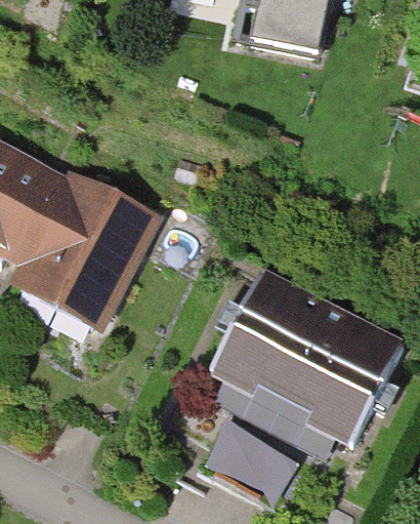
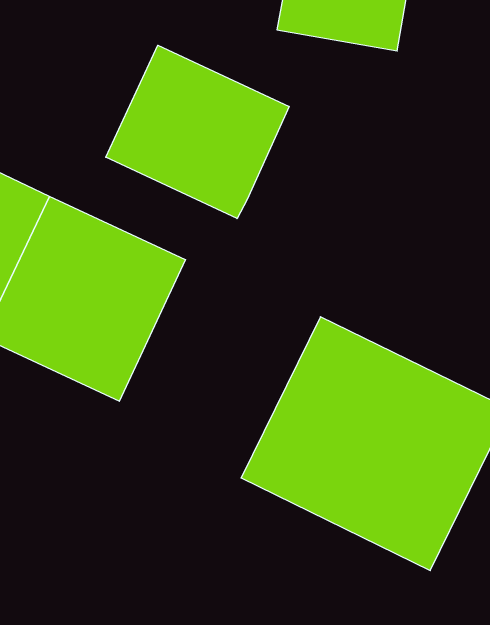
building: none -> [106,45,289,219]
building: [196,413,296,496] -> none

